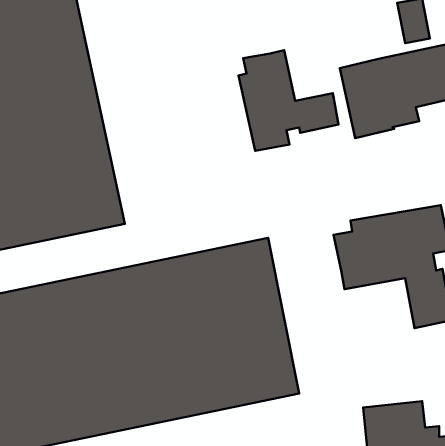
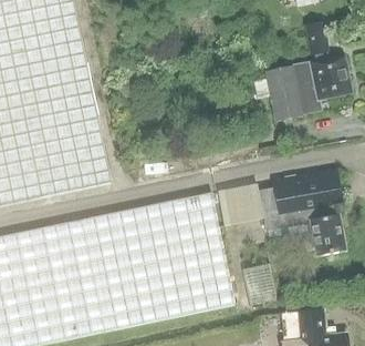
building: [239,50,339,151] -> none

